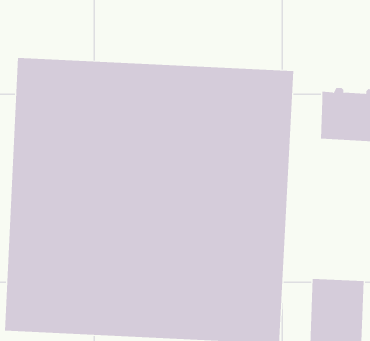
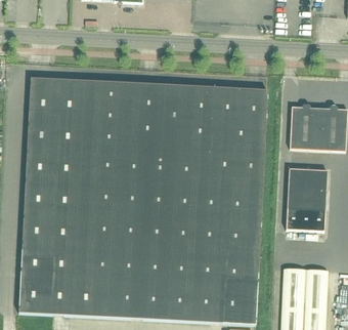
building: none -> [286,167,327,231]

